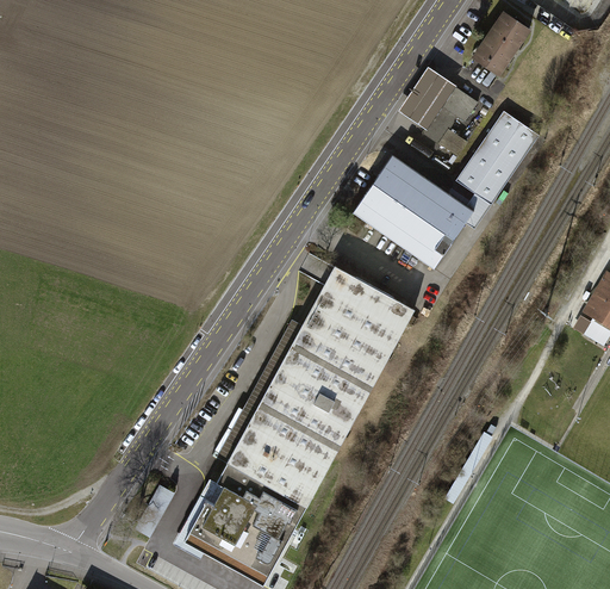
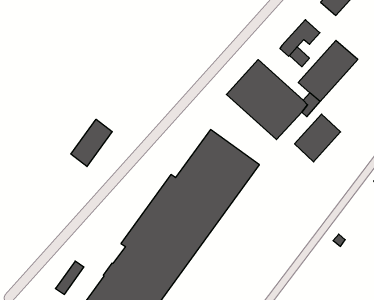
building: [397,68,456,130] -> none
building: none -> [295,114,341,162]
building: none -> [71,119,112,167]

